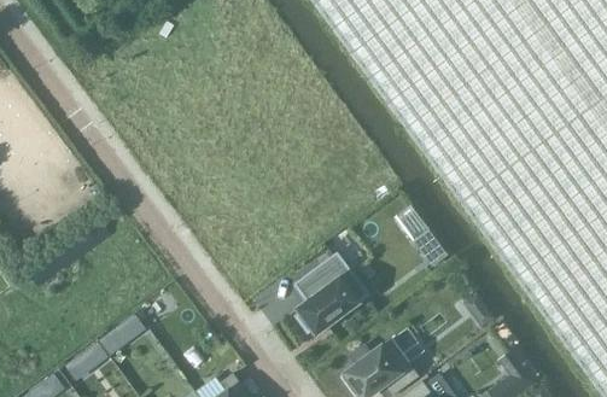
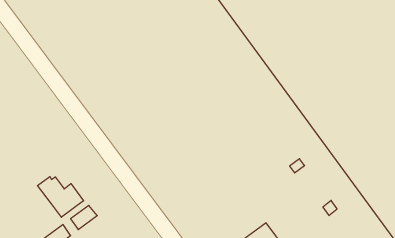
building: [294,251,369,333] -> none
building: none -> [38,177,84,217]

